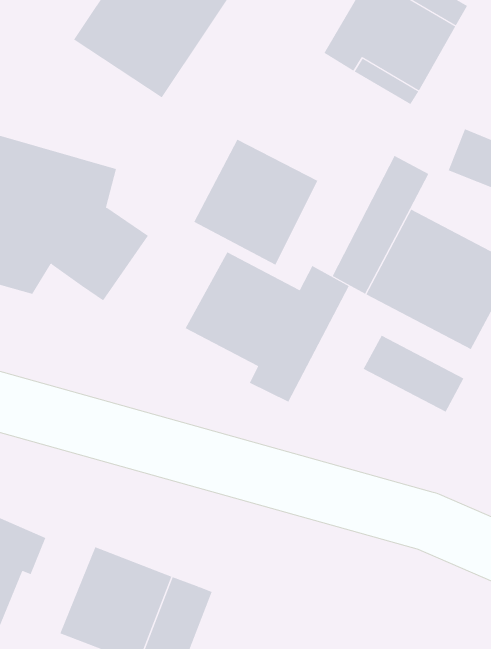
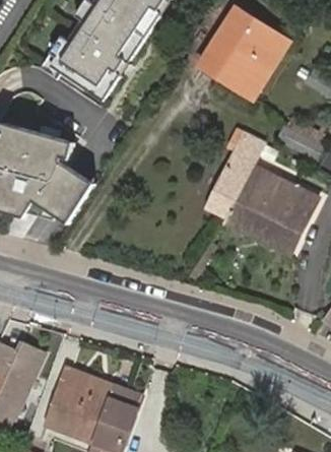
building: [193,139,318,265] -> none
building: [185,252,350,403] -> none
building: [363,335,464,412] -> none

